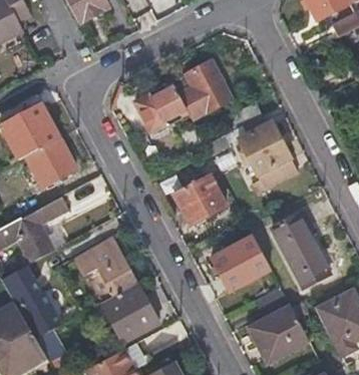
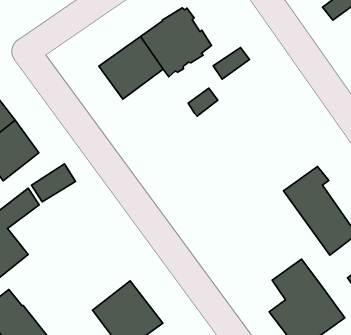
building: [239,120,299,194] -> none
building: [174,174,226,225] -> none
building: [213,236,271,290] -> none
building: [75,237,135,302] -> none

